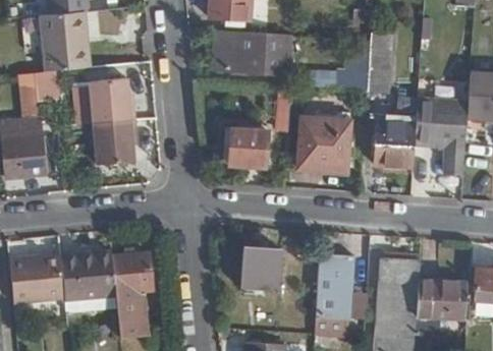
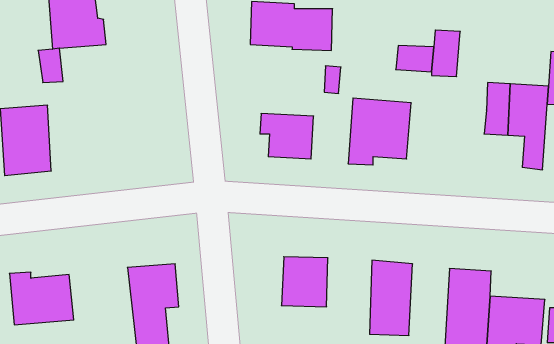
building: [71,78,135,165] -> none
building: [374,119,416,167] -> none
building: [59,252,115,312] -> none

